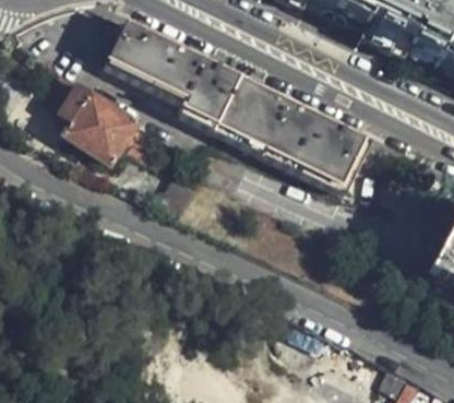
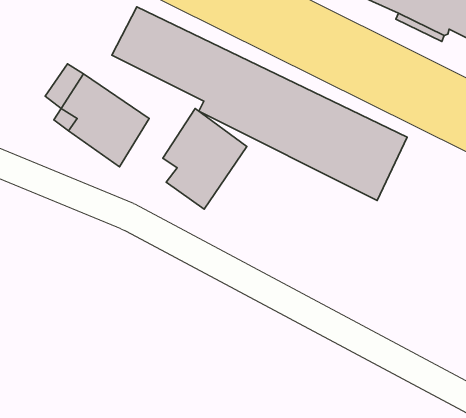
building: none -> [163,108,247,209]

